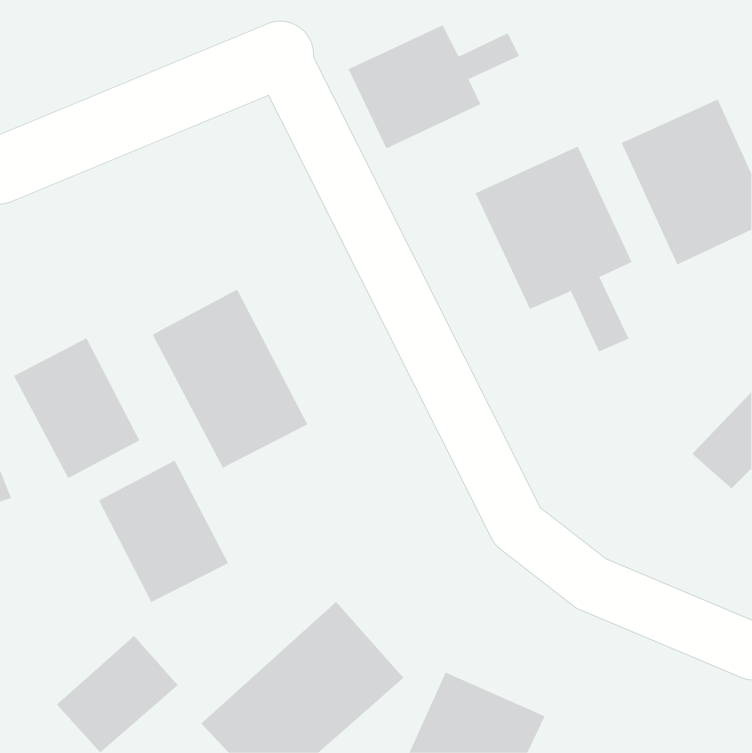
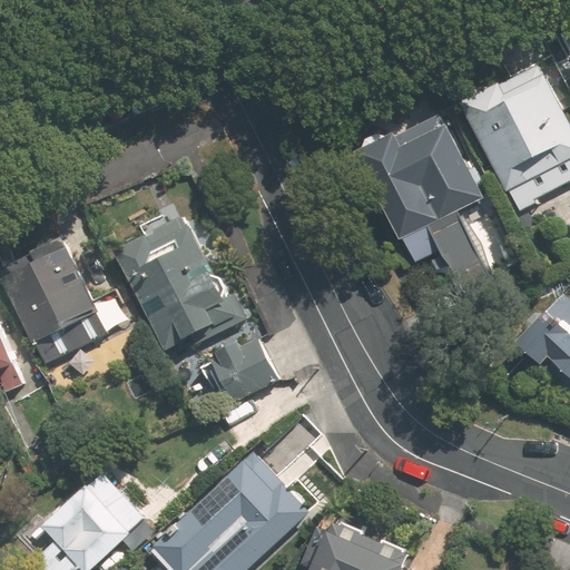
building: [348,24,520,149] -> none
building: [98,460,229,603] -> none
building: none -> [209,348,269,407]

